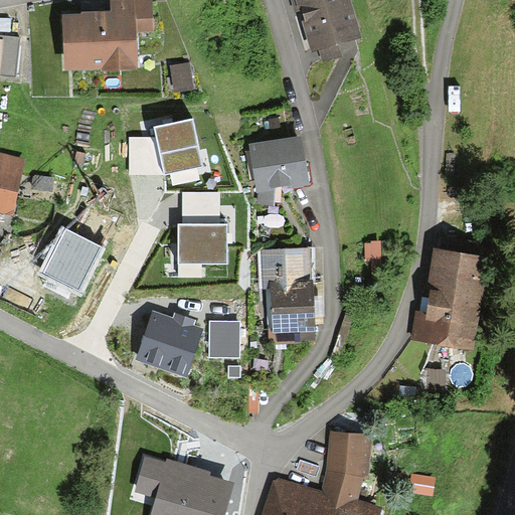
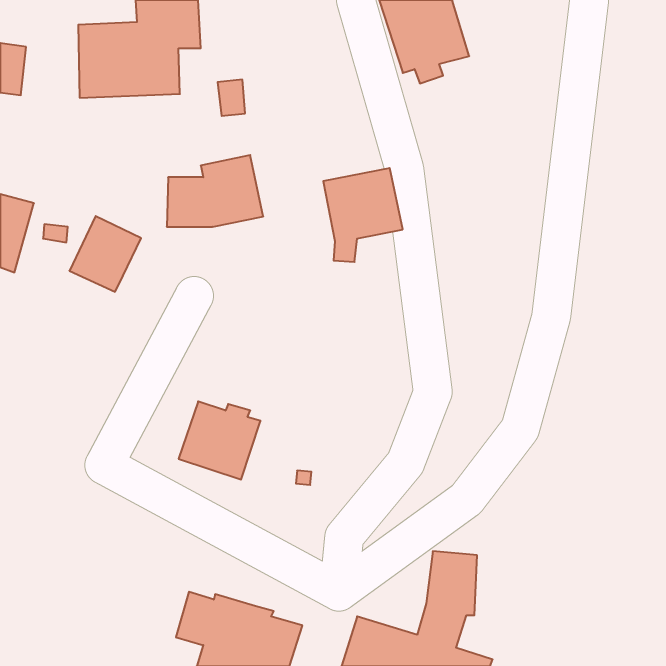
building: [178,193,226,262] -> none
building: [45,231,101,290] -> [69,216,141,292]
building: [414,241,485,342] -> none
building: [264,246,317,340] -> none
building: [209,319,239,353] -> none

